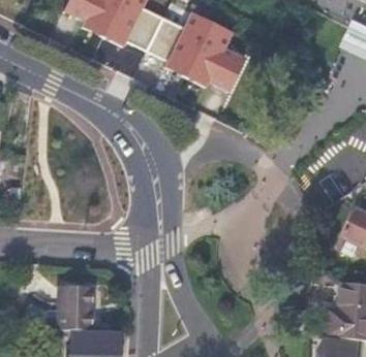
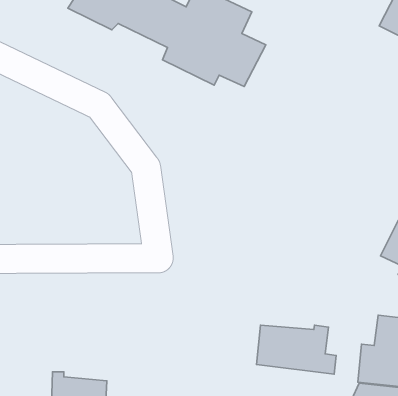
building: [64,286,98,328] -> none
building: none -> [256,325,336,374]

